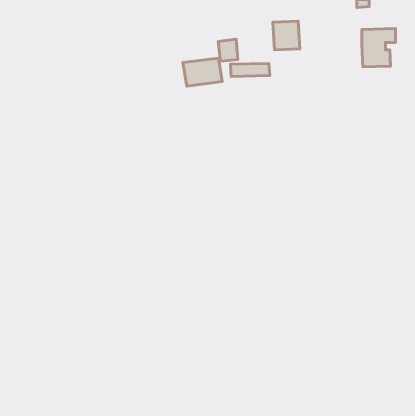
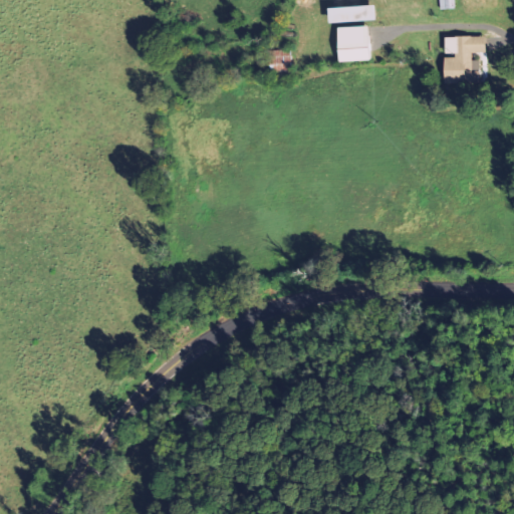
building: [183,58,222,86] -> none
building: [230,63,270,76] -> [326,6,374,22]

